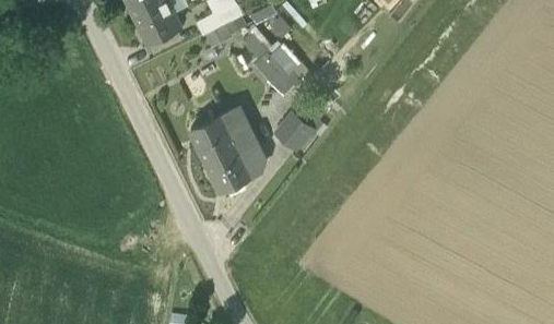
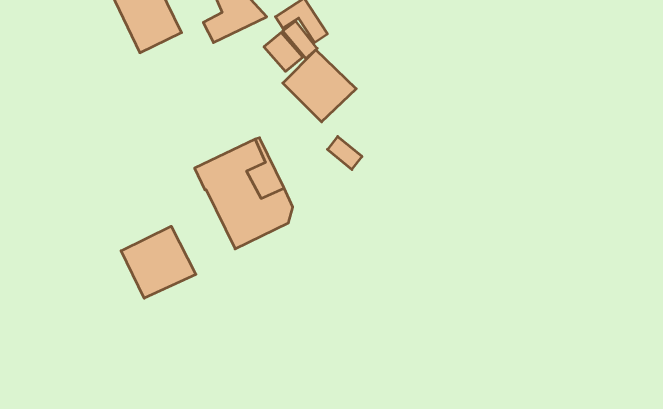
building: [275,119,310,153] -> none
building: none -> [121,226,196,298]

